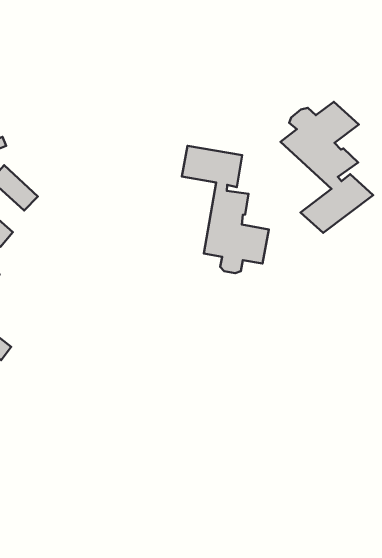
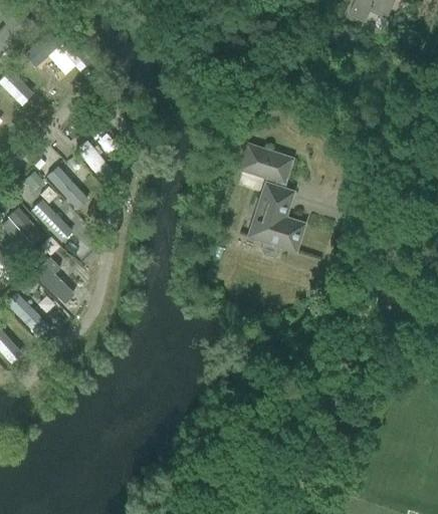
building: [280,102,373,233] -> none

